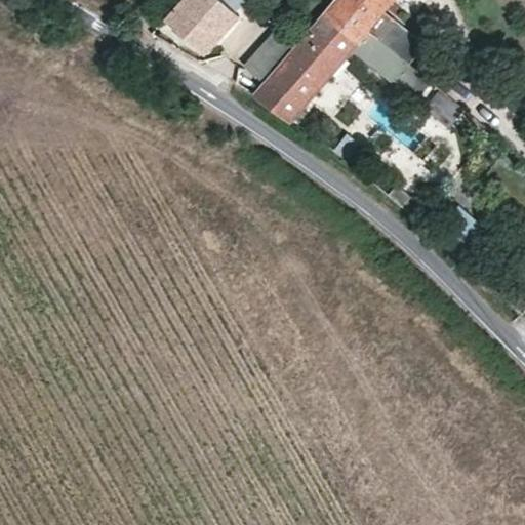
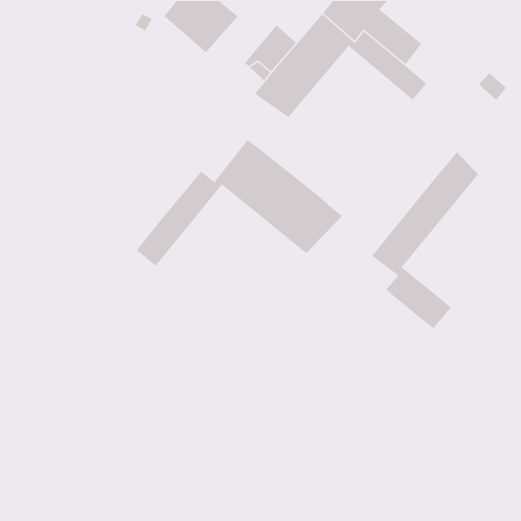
building: none -> [136,139,343,267]
building: none -> [371,151,479,329]

